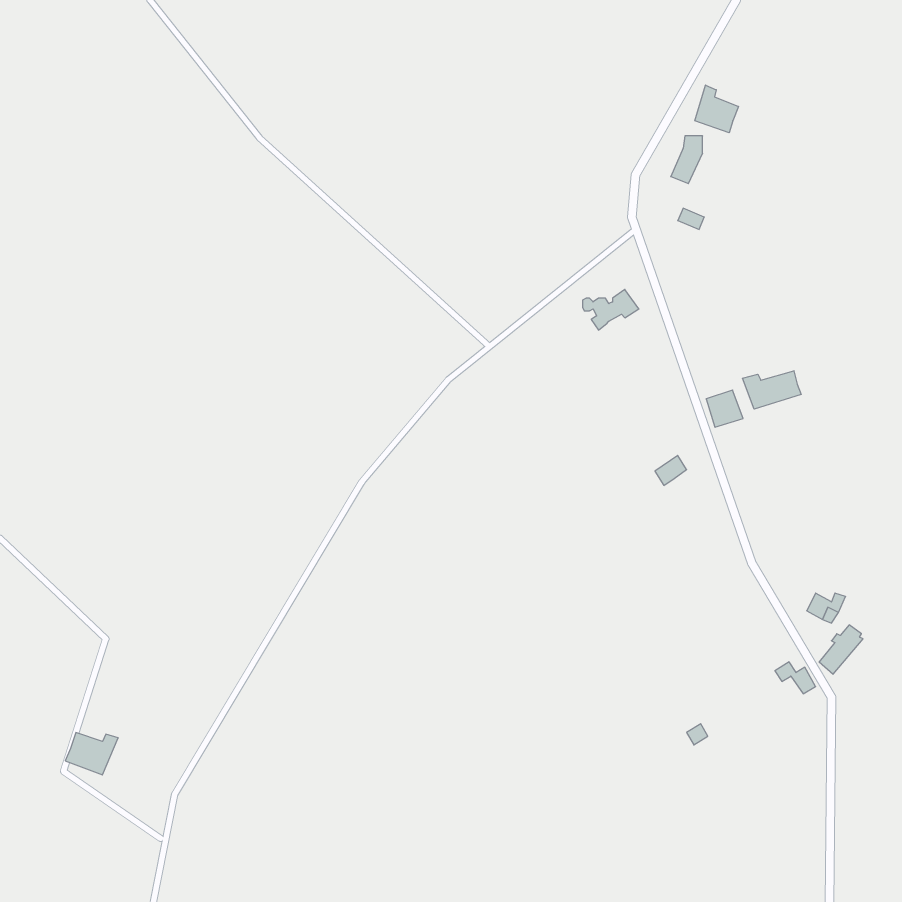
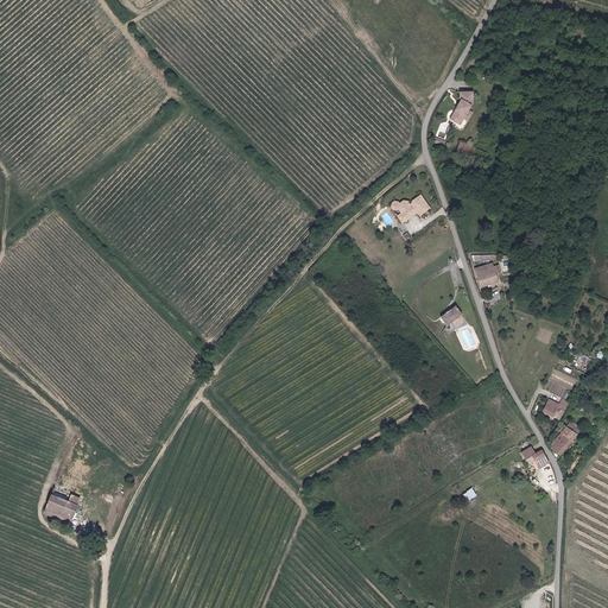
building: [695,85,738,133] -> none
building: [742,371,801,409] -> none

